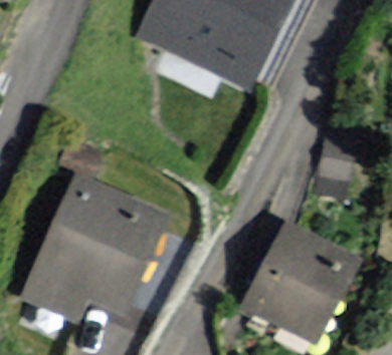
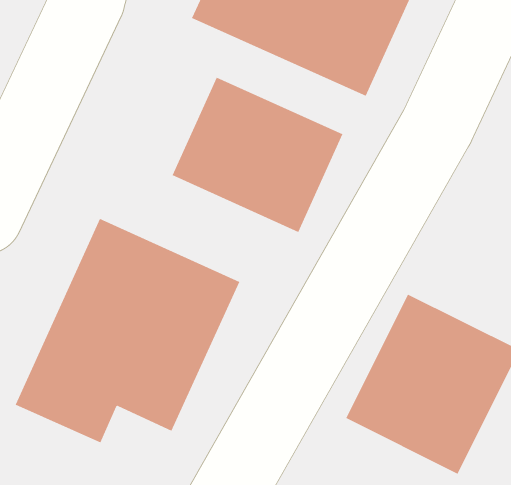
building: none -> [172,77,343,233]

